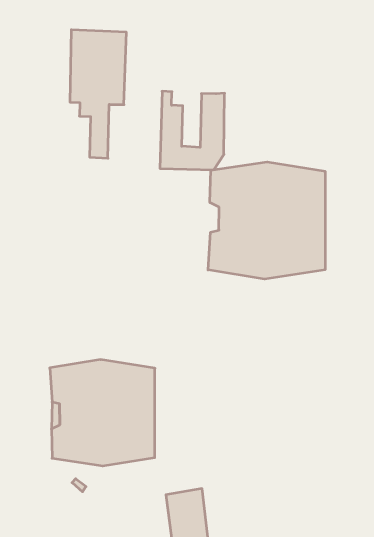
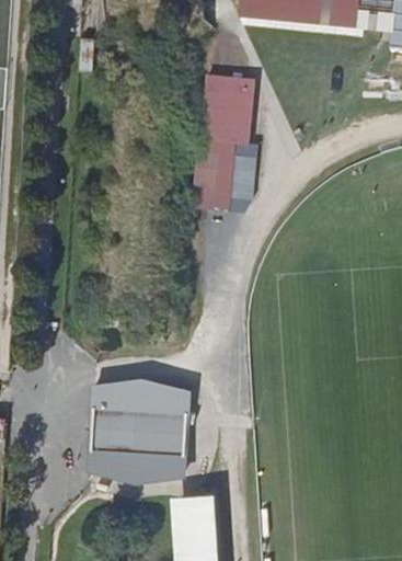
building: [70,30,126,158] -> [202,72,256,190]
building: [208,162,325,279] -> none

